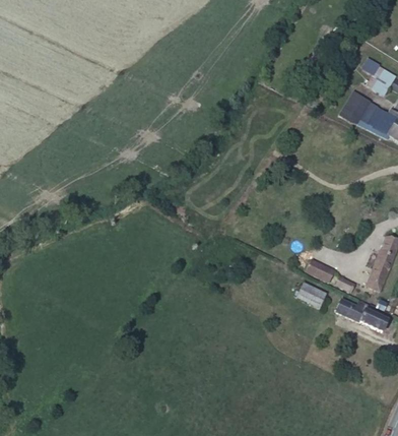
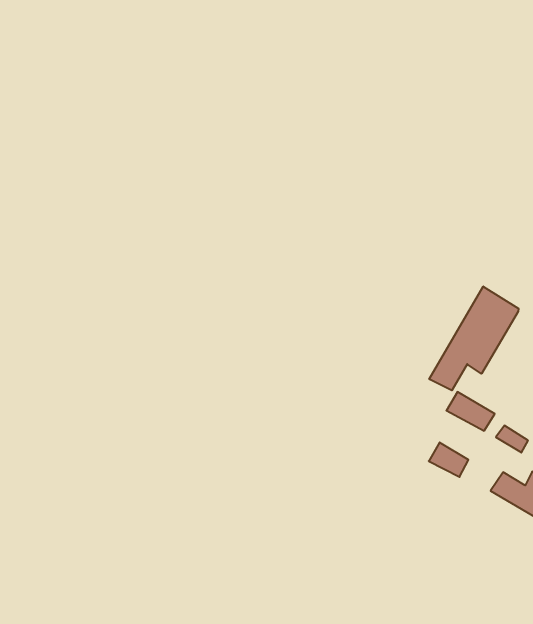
building: none -> [429,286,519,390]

